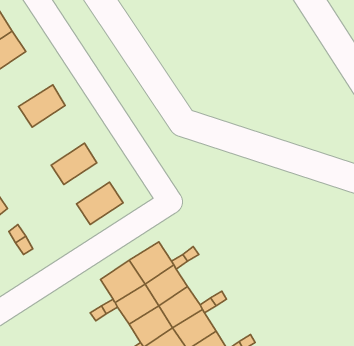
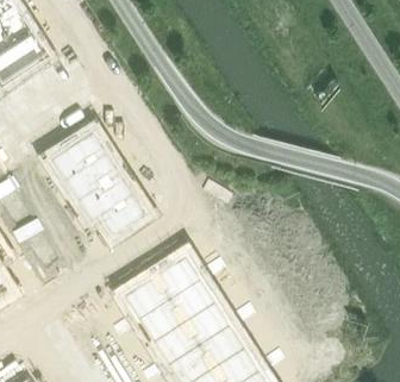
building: [18,85,65,127] -> [57,132,106,176]
building: none -> [85,174,132,217]

